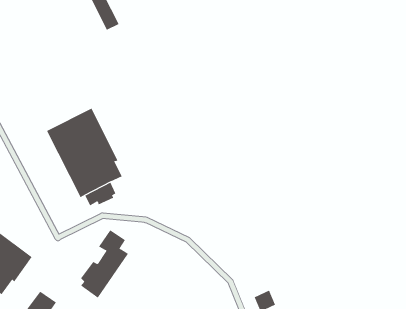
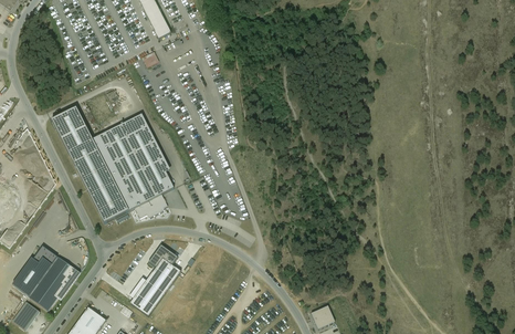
building: none -> [51,106,129,222]

